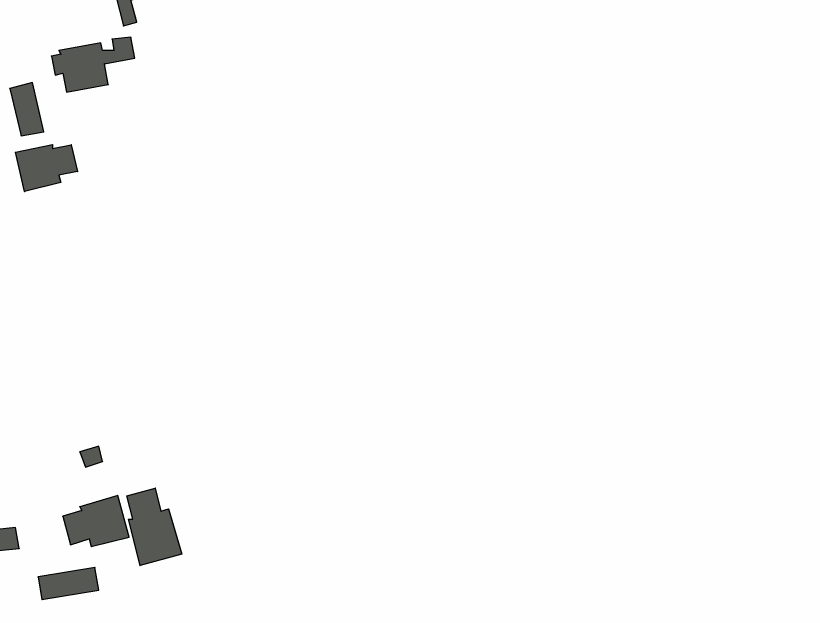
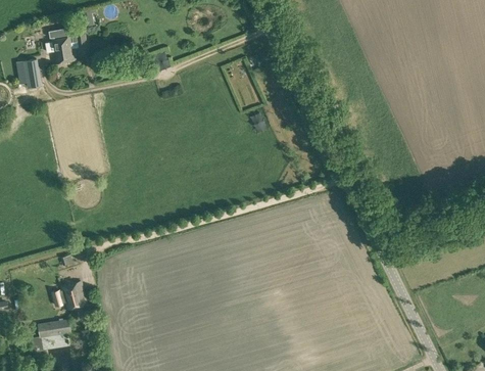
building: [15,145,78,192] -> none
building: [127,488,182,566] -> none

